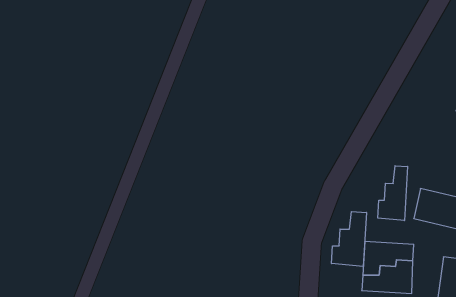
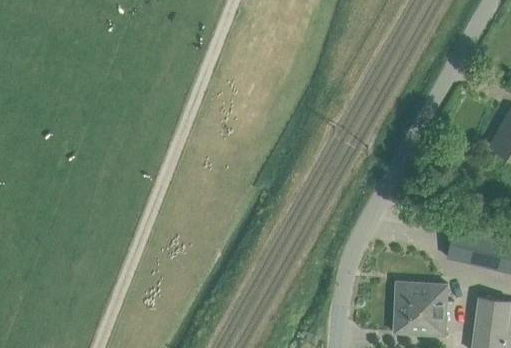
building: [378,166,408,221] -> none
building: [332,212,366,266] -> none

